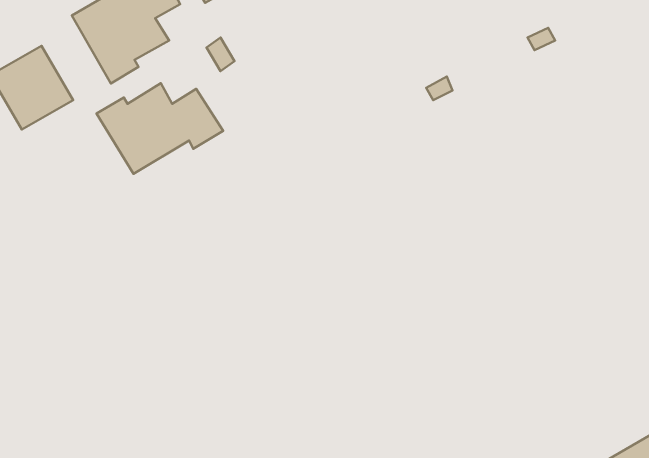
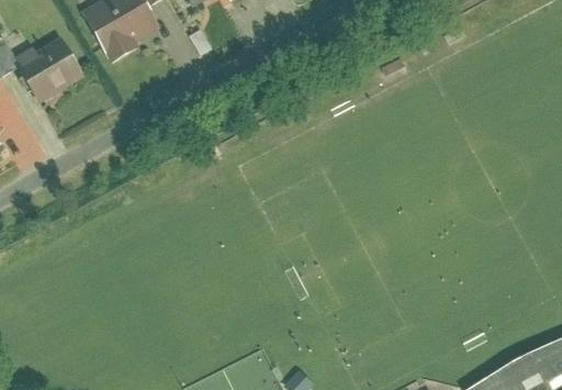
building: [97,83,223,174] -> none

